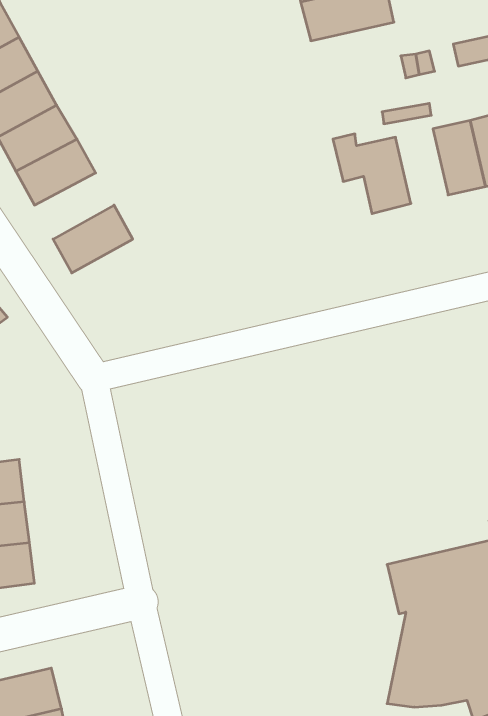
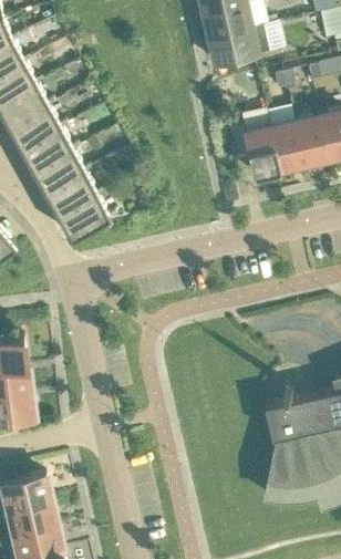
building: none -> [269,121,303,169]
building: none -> [33,149,85,193]
building: none -> [58,193,110,238]

